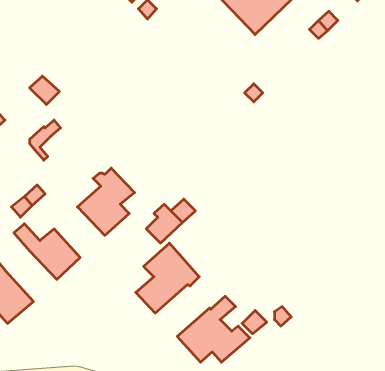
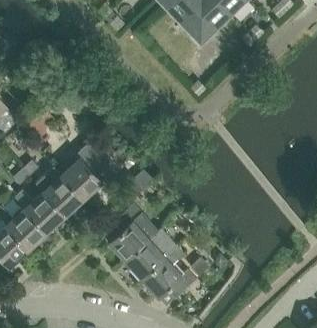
building: none -> [35,167,84,217]
building: none -> [8,212,47,251]
building: none -> [123,229,177,278]

